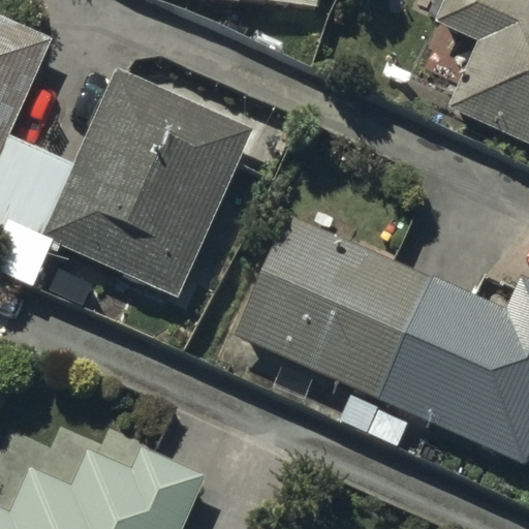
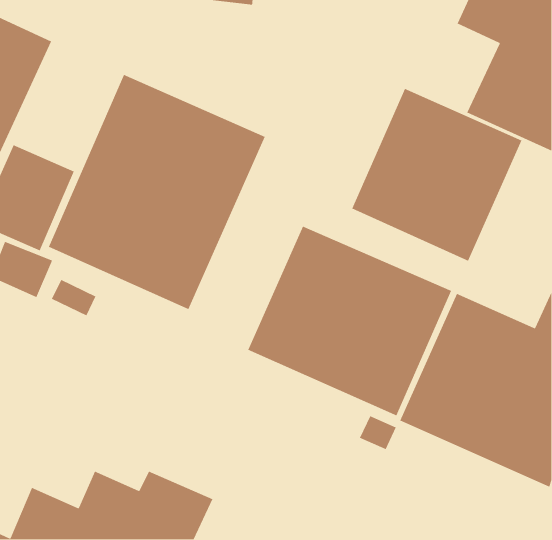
building: none -> [351,88,523,262]

